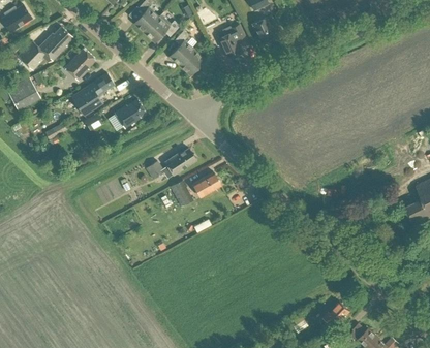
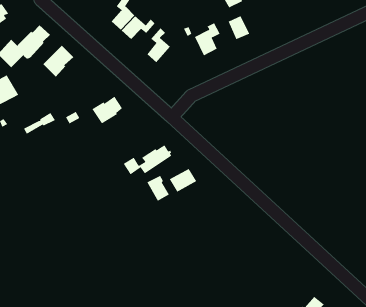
building: [180,49,215,74] -> none
building: [71,71,116,116] -> none

